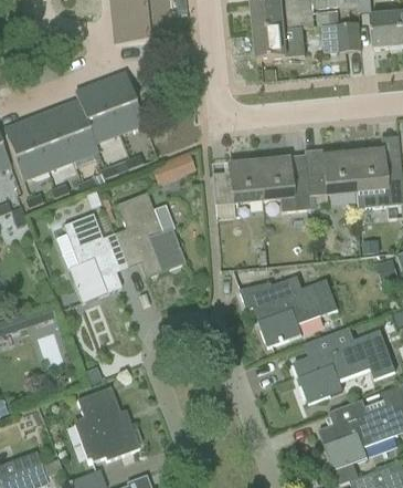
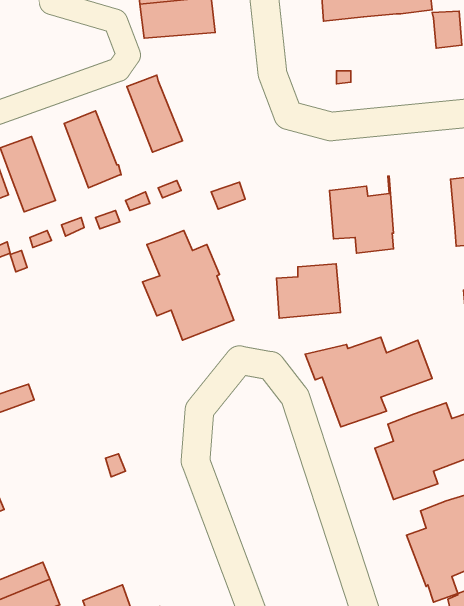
building: [254,24,305,59] -> none
building: [74,81,121,142] -> none
building: [28,110,72,169] -> none
building: [305,148,356,195] -> none
building: [212,162,262,204] -> [276,264,341,318]
building: [63,212,125,302] -> none
building: [78,386,142,461] -> none

